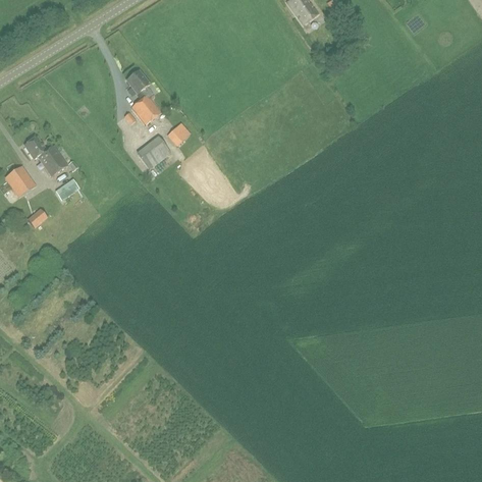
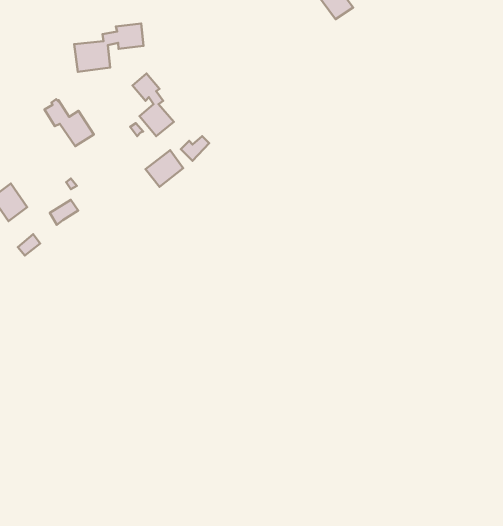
building: none -> [74,23,144,72]
building: [24,135,67,175] -> [44,99,94,146]

